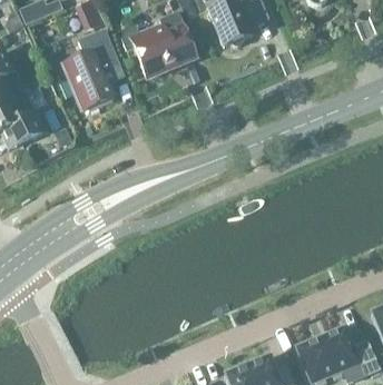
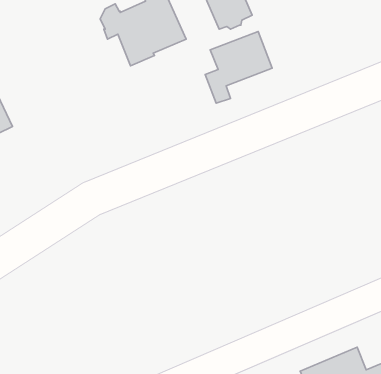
building: [63,29,120,110] -> none
building: none -> [205,32,272,103]

